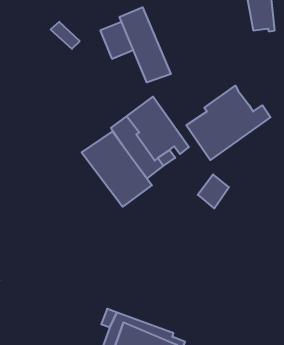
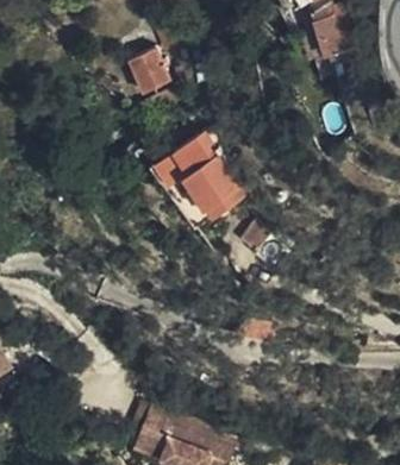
building: [120,7,171,82] -> none
building: [186,86,271,160] -> none
building: [82,132,152,207] -> none

